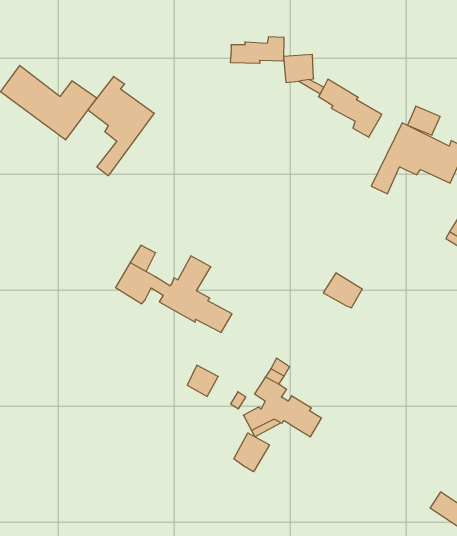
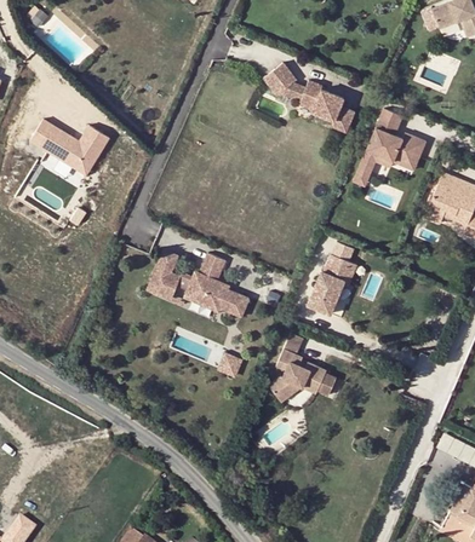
building: [231,37,284,63] -> none
building: [88,76,154,176] -> none
building: none -> [308,273,344,317]
building: [234,433,269,472] -> none

